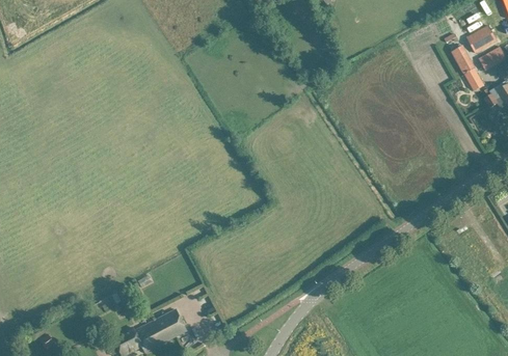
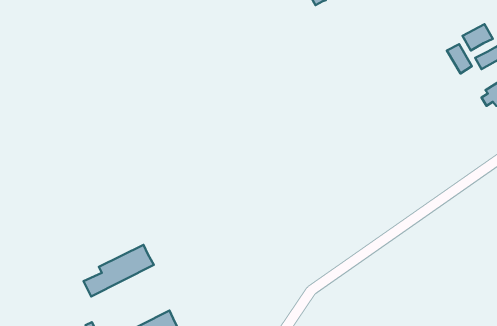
building: none -> [84,245,154,297]

